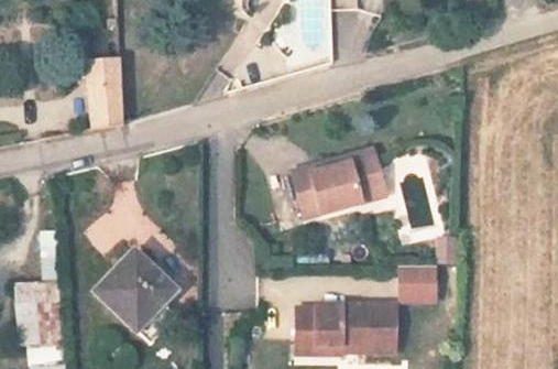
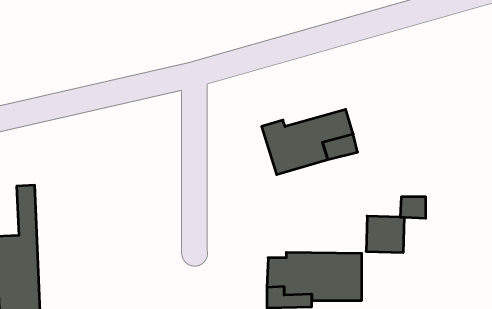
building: [88,57,119,131] -> none
building: [95,249,174,328] -> none

